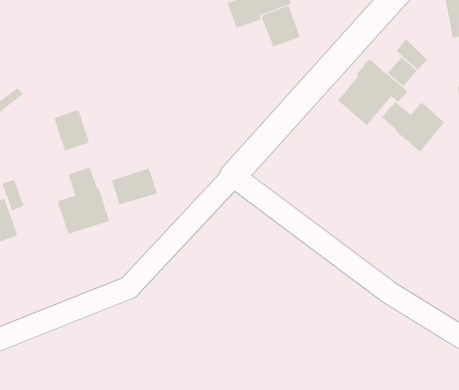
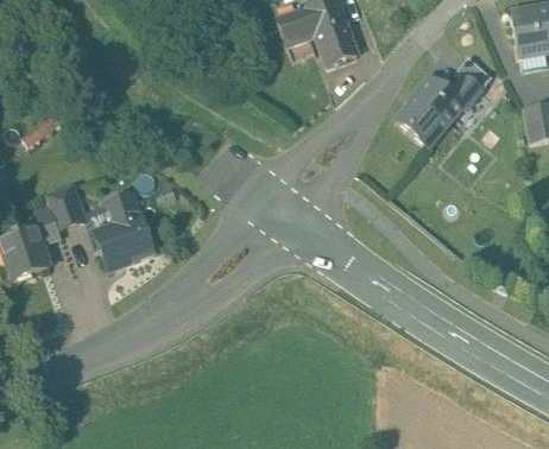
building: [381,101,445,152] -> none
building: [53,109,90,151] -> [44,183,83,228]
building: [111,165,158,205] -> none

